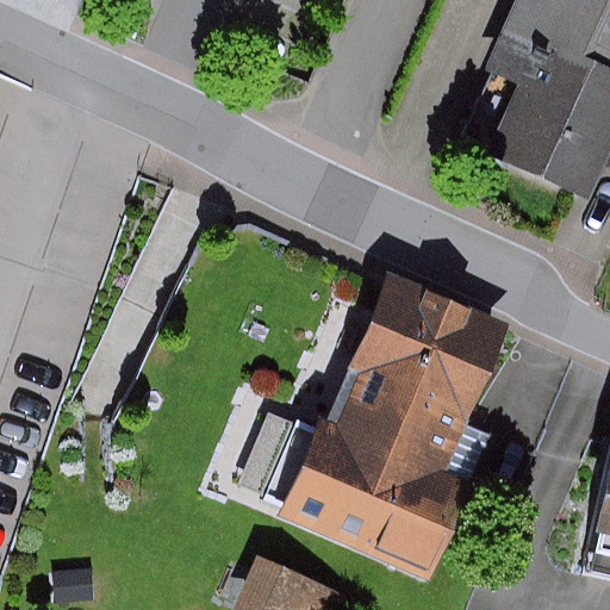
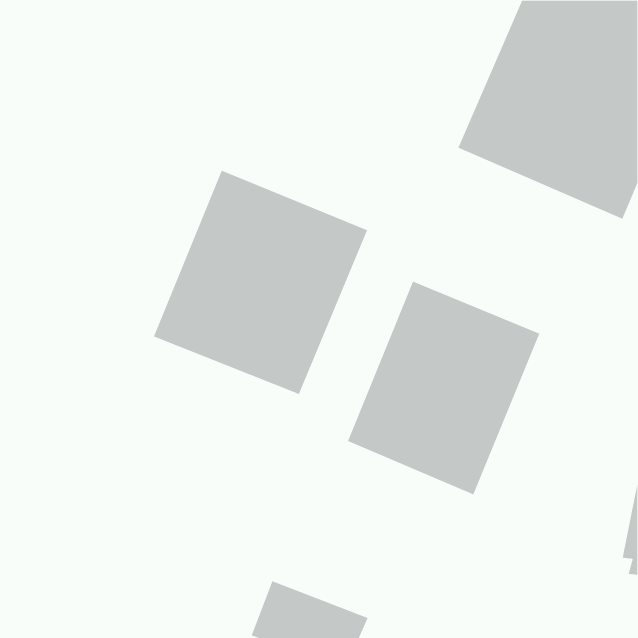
building: none -> [153,170,368,395]
building: [278,417,478,579] -> none

